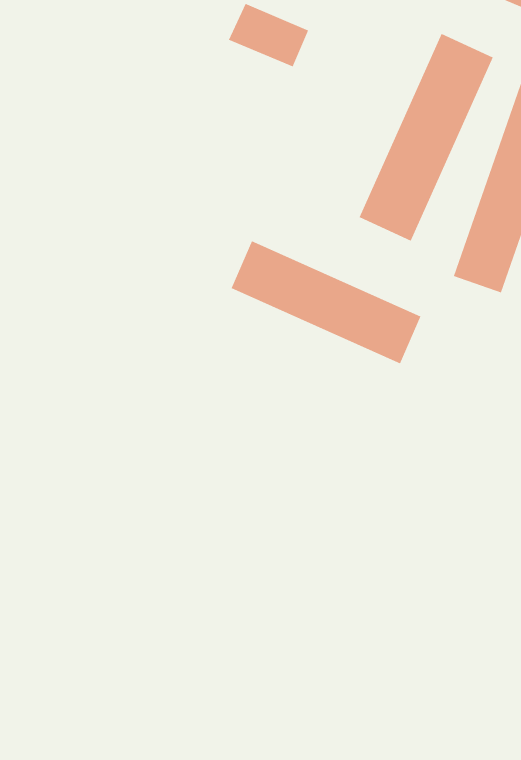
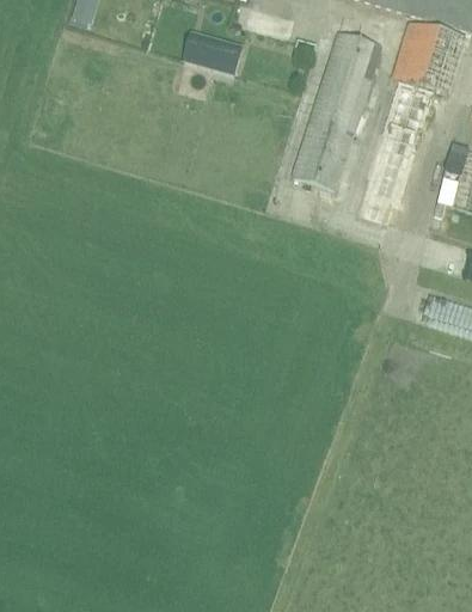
building: [230,240,421,365] -> none

